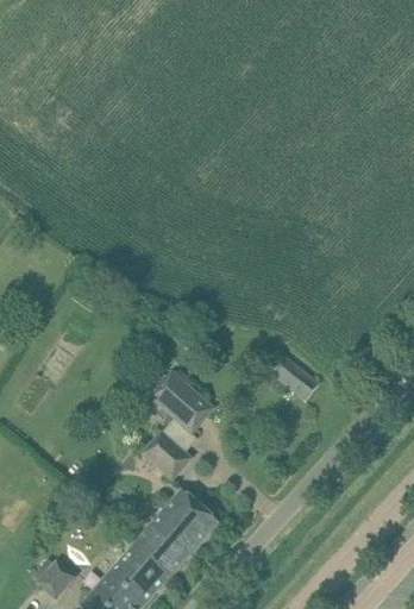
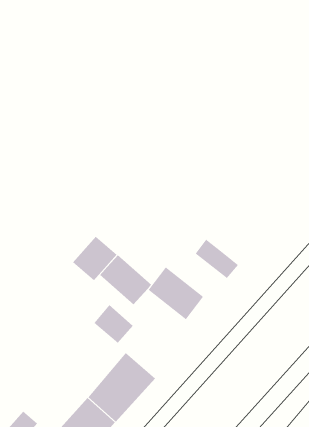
building: none -> [72,236,117,281]
building: none -> [148,267,204,320]

